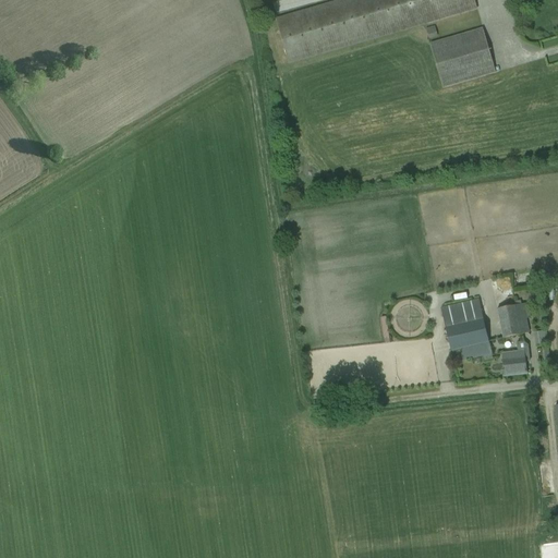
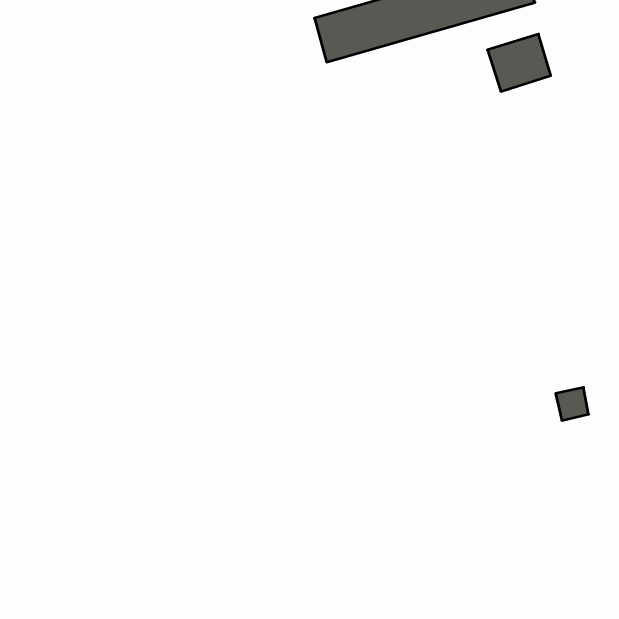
building: [434,294,489,353] -> none
building: [505,304,533,335] -> none

